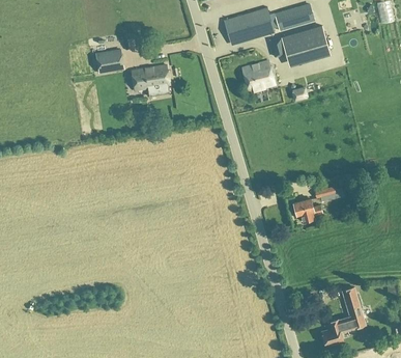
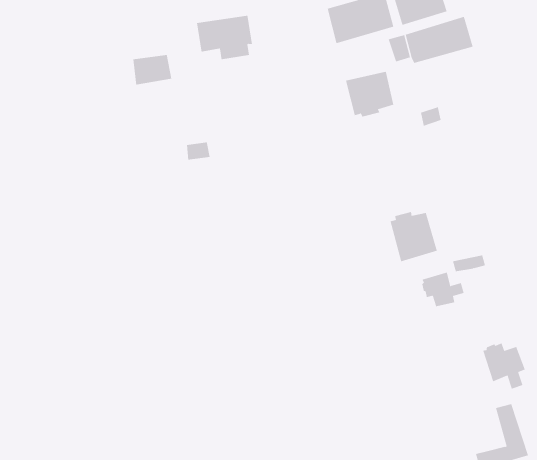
building: [132,65,170,95] -> [196,15,253,60]
building: none -> [390,211,438,262]
building: none -> [482,343,525,389]

